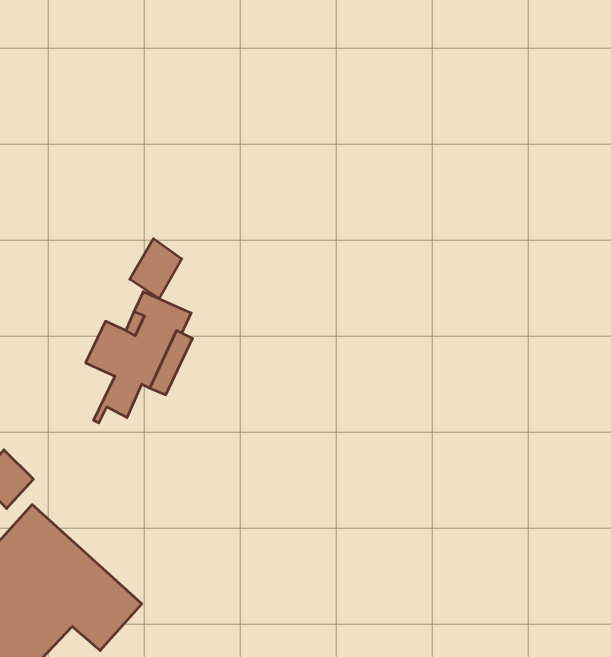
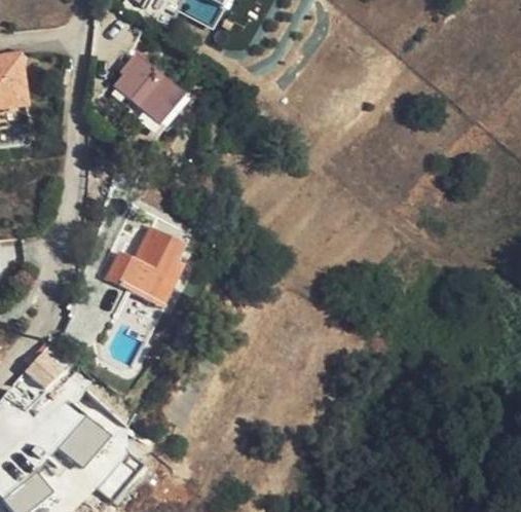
building: none -> [108,51,180,120]
building: [130,239,182,299] -> none

